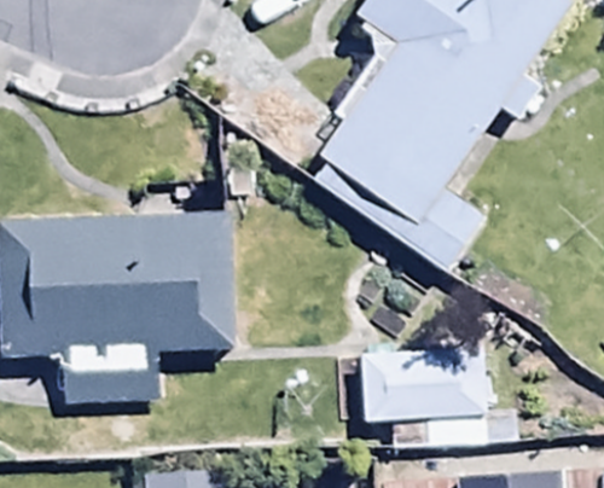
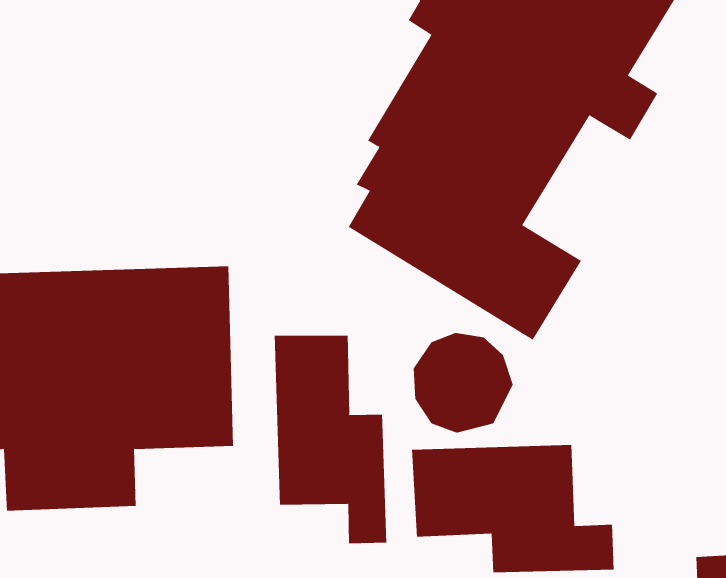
building: none -> [274,335,387,544]

